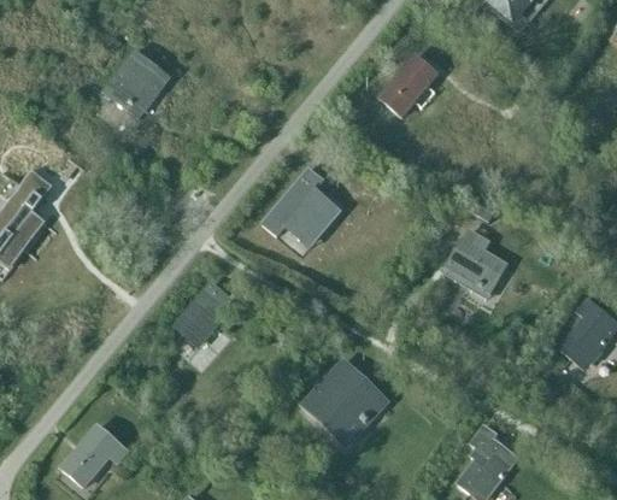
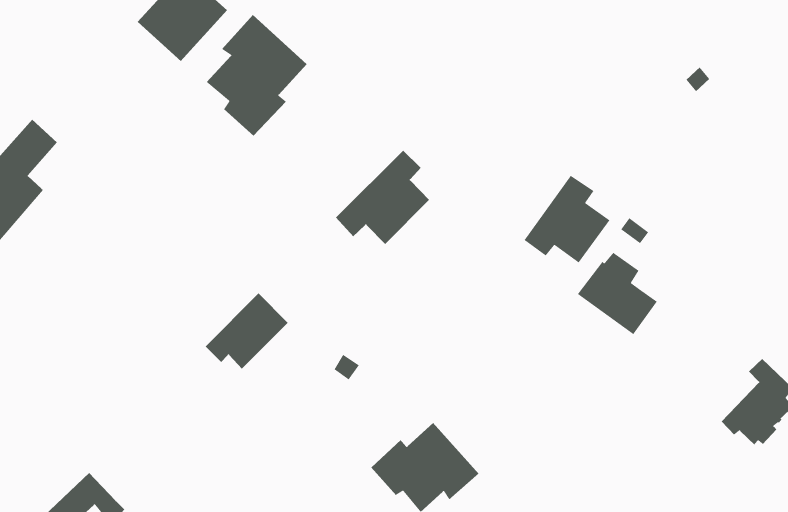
building: [380,55,437,117] -> none
building: none -> [206,14,307,137]
building: none -> [523,175,611,263]

